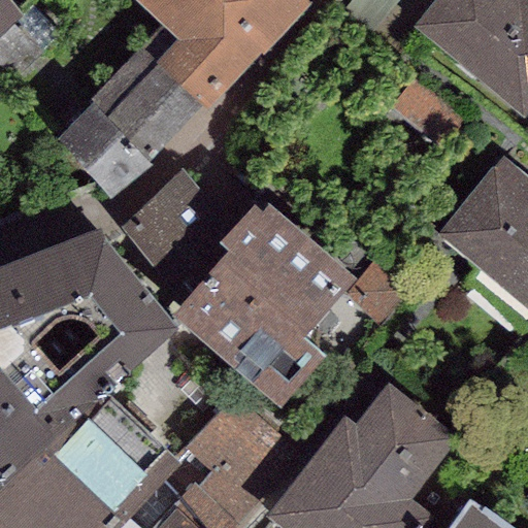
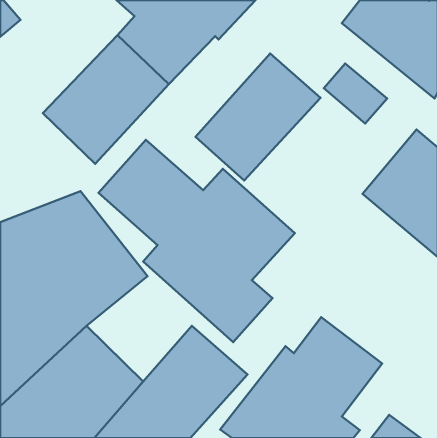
building: none -> [195,53,320,181]

